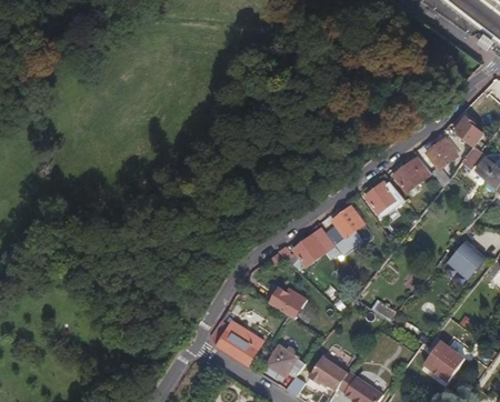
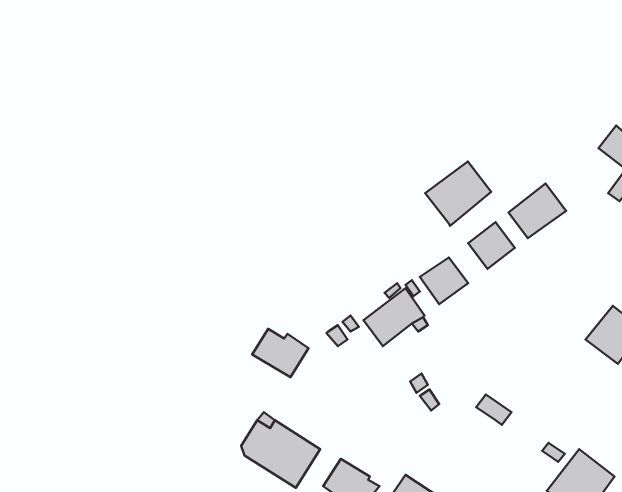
building: [428,135,461,187] -> none
building: none -> [425,162,491,226]
building: [264,287,303,320] -> [252,329,308,377]

